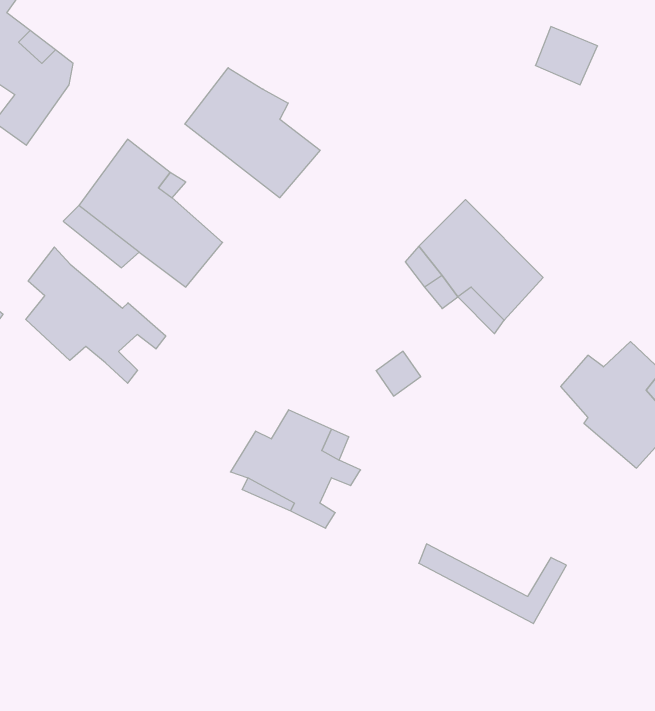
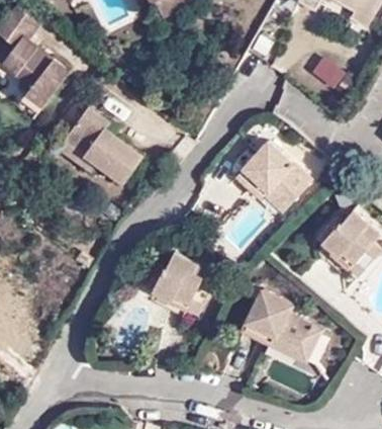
building: [185,68,320,198] -> none
building: [26,247,166,383] -> none
building: none -> [250,290,314,348]

